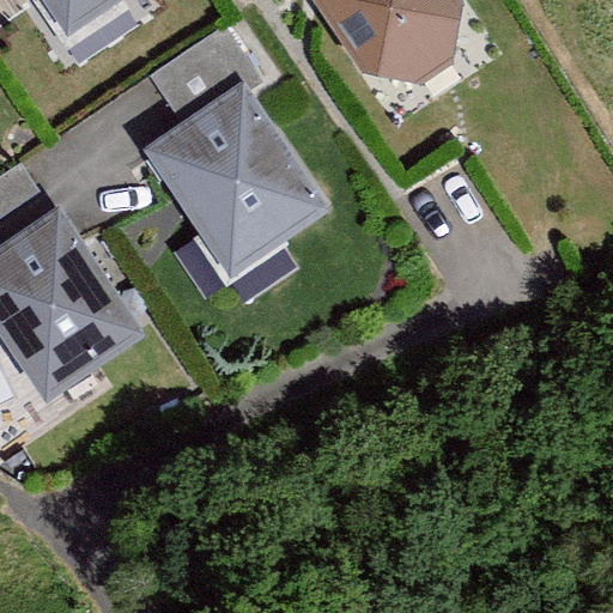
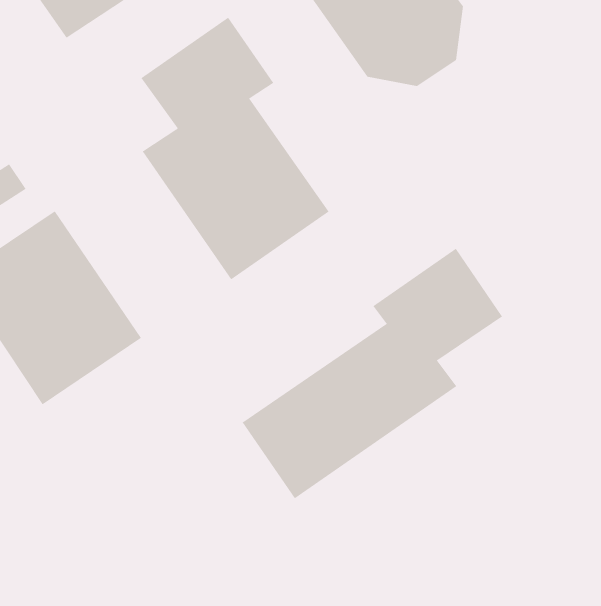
building: none -> [242,248,503,499]

